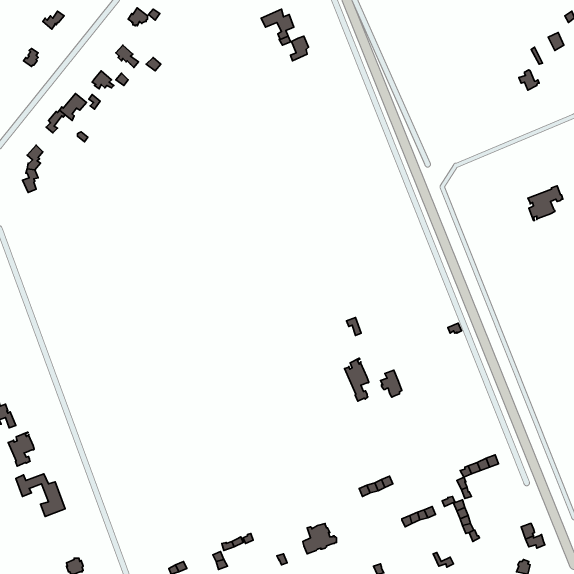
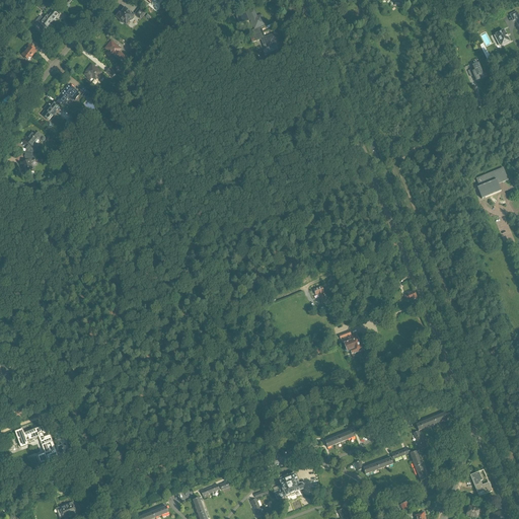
building: [345,358,369,401] -> none
building: [8,432,34,466] -> none

